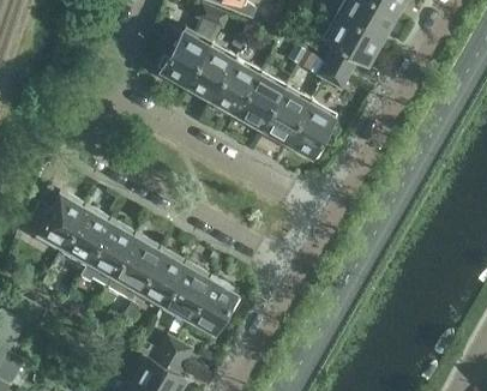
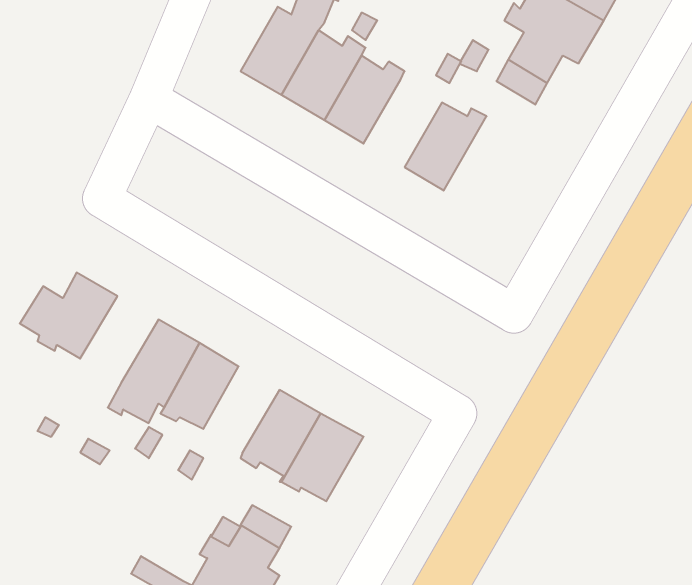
building: [239,74,289,128] -> none
building: [288,97,337,157] -> none
building: [64,207,113,260] -> none
building: [138,251,187,303] -> none

